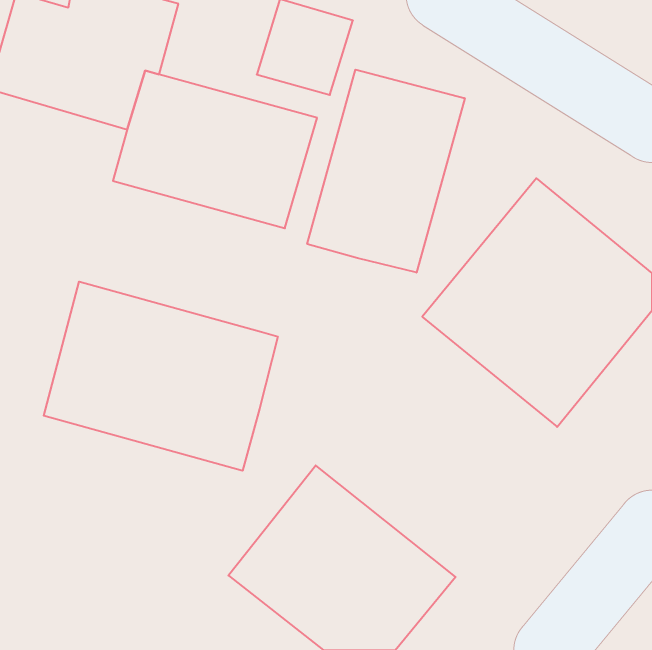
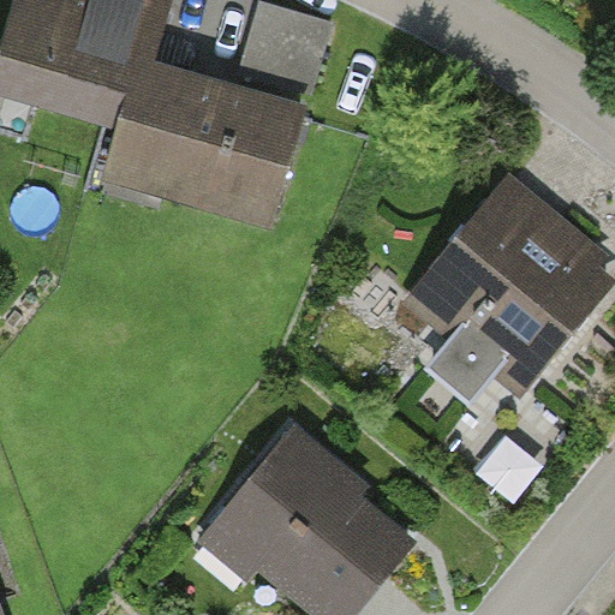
building: [307,70,465,273] -> none
building: [44,282,278,471] -> none

